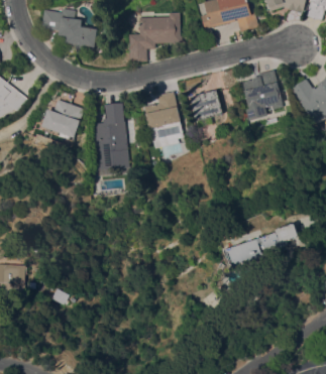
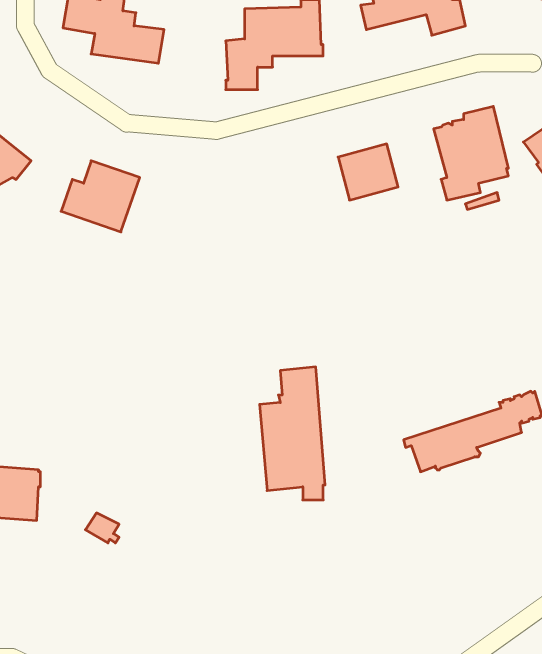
building: [142,91,183,148] -> none
building: [92,103,127,174] -> [260,367,325,500]

